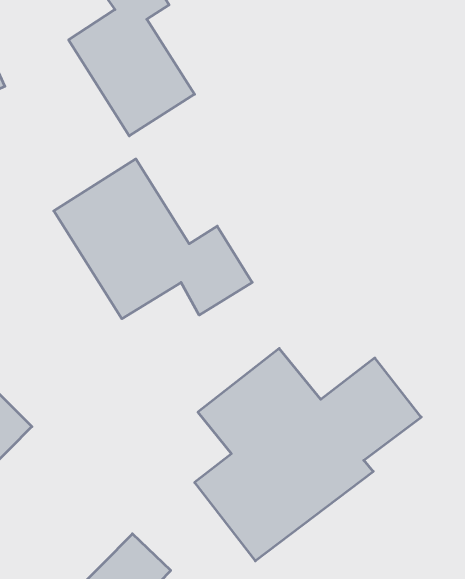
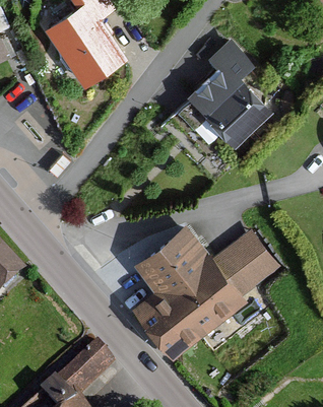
building: none -> [190,39,270,143]
building: [54,159,252,319] -> none

